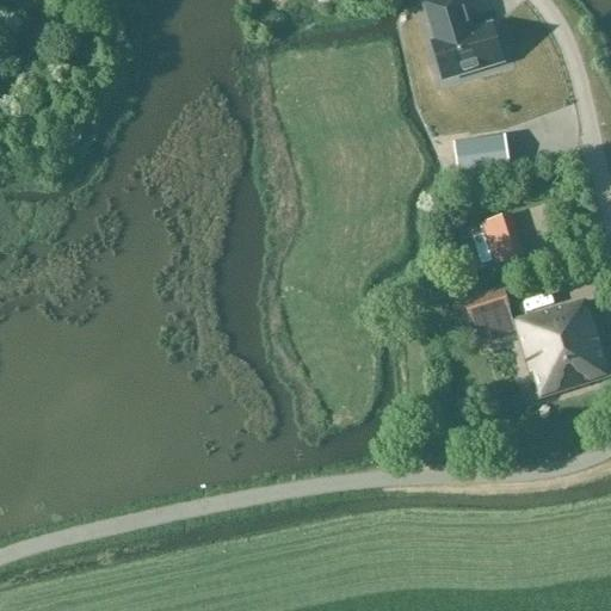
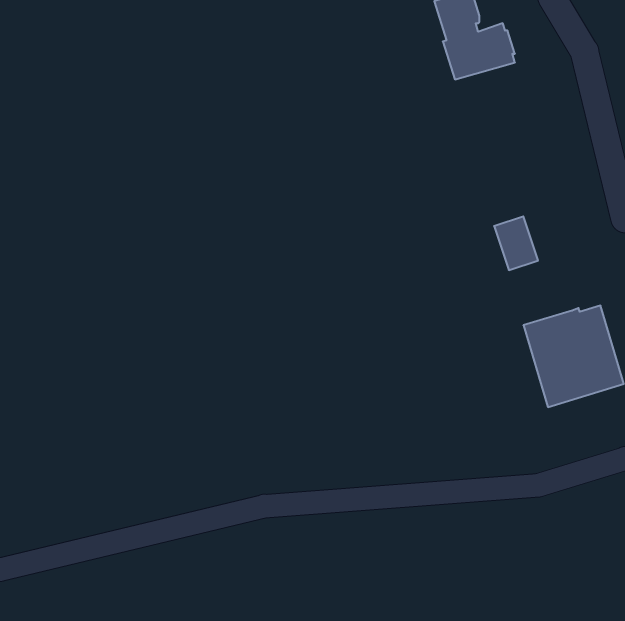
building: [455,135,511,175] -> none
building: [462,284,510,321] -> none

